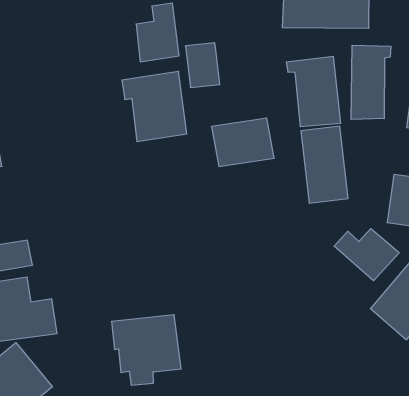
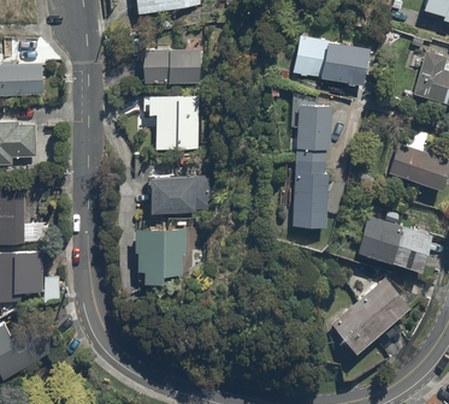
building: [185,43,220,88] -> [142,44,169,82]
building: [351,45,391,119] -> none
building: [211,118,274,166] -> [149,178,199,213]
building: [334,229,399,281] -> none
building: [112,315,181,385] -> [135,227,190,285]

